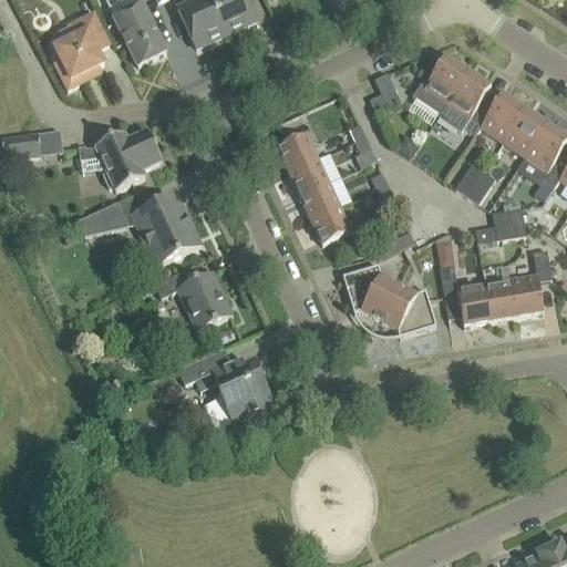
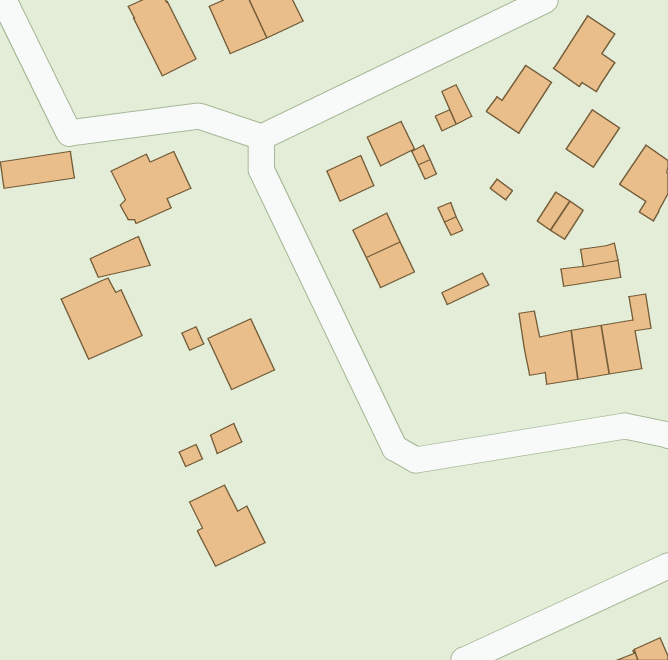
building: [53,11,109,87] -> none
building: [439,70,491,134] -> [553,16,615,92]
building: [503,109,547,156] -> none
building: [288,157,328,195] -> [367,121,414,166]
building: [132,195,200,264] -> [61,278,142,359]
building: [342,264,436,336] -> none
building: [212,355,276,424] -> [189,485,265,566]

